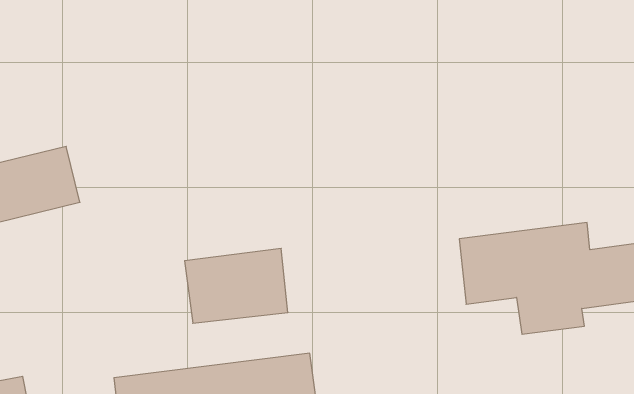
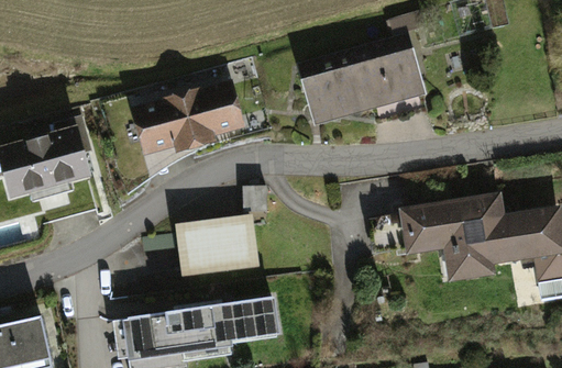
building: none -> [300,34,422,123]
building: none -> [128,77,249,156]

